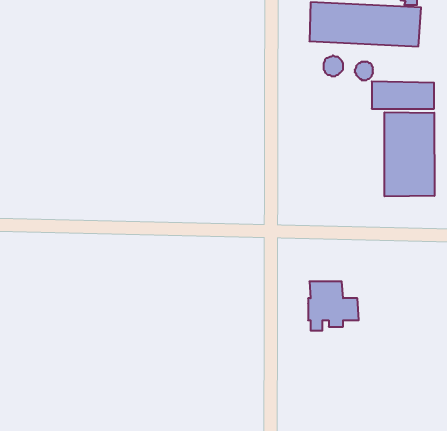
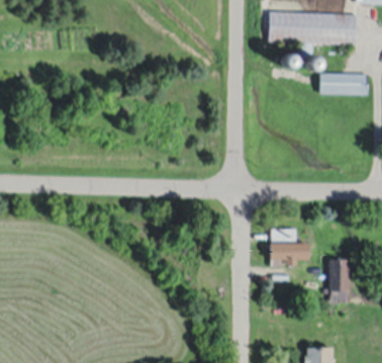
building: [385,112,434,196] -> none
building: none -> [329,260,350,305]

